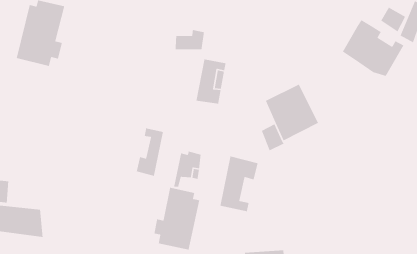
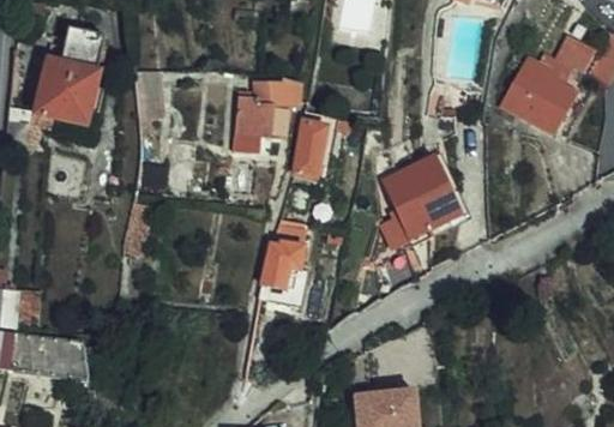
building: none -> [239,97,275,138]
building: [136,128,164,177] -> none
building: [220,156,258,212] -> none
building: [153,187,200,251] -> none

